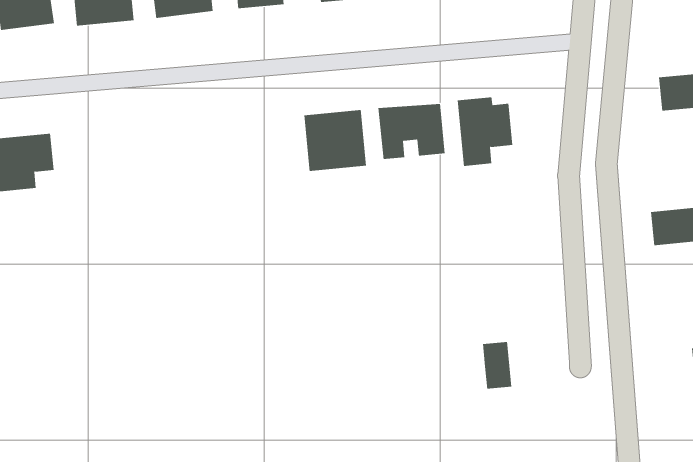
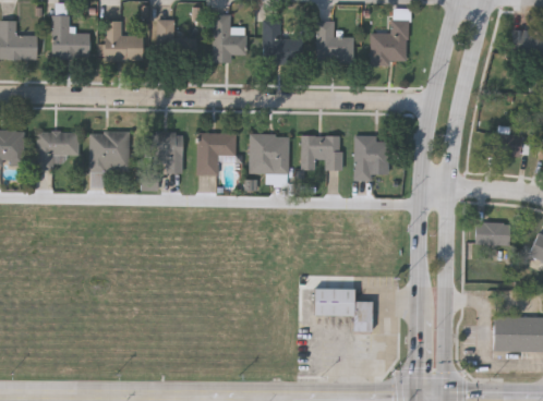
building: none -> [197,133,236,174]
building: none -> [144,133,182,173]
building: none -> [89,131,129,171]
building: none -> [314,287,354,315]

